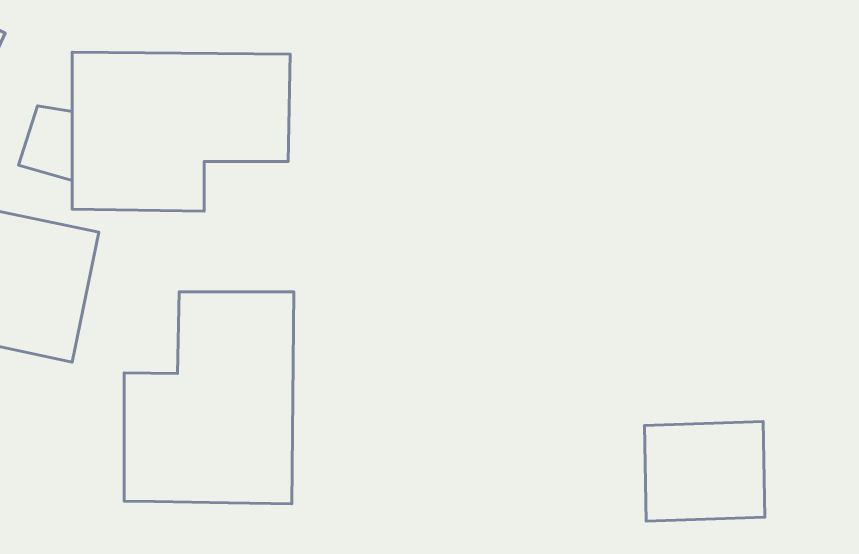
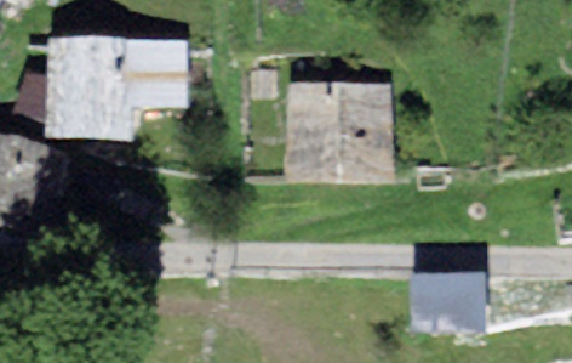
building: none -> [287,80,394,183]
building: [124,292,294,504] -> none

